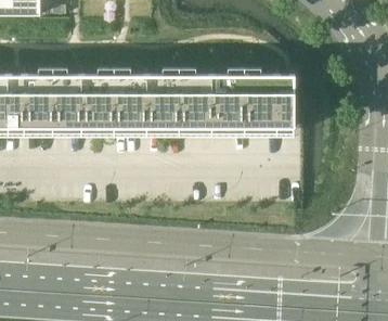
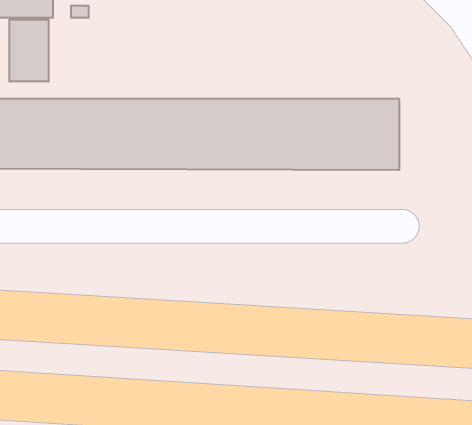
building: none -> [10,19,49,82]

